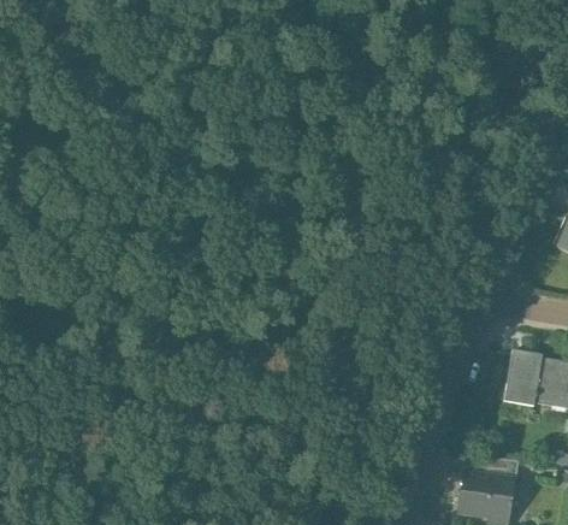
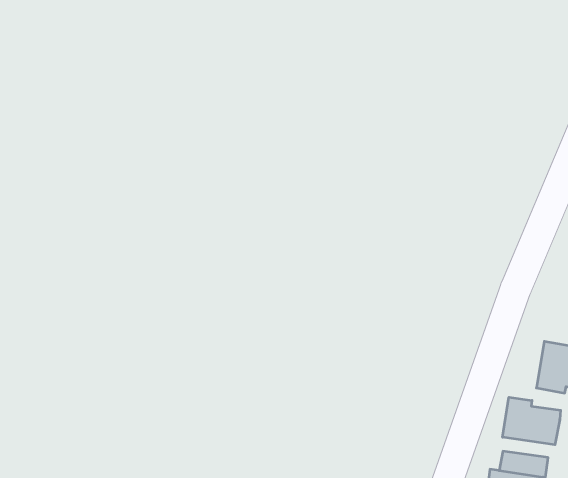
building: none -> [503,397,561,445]

